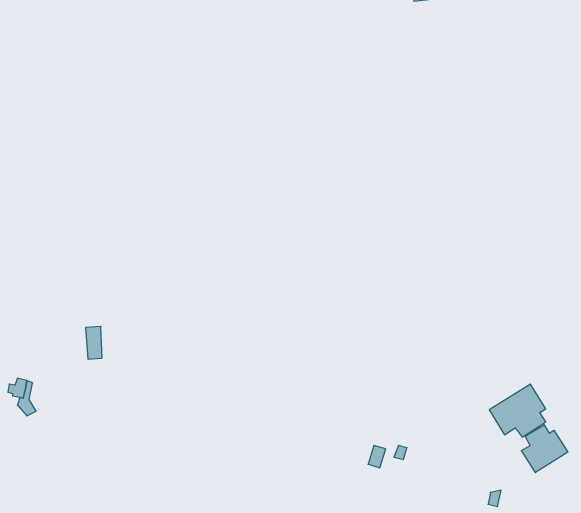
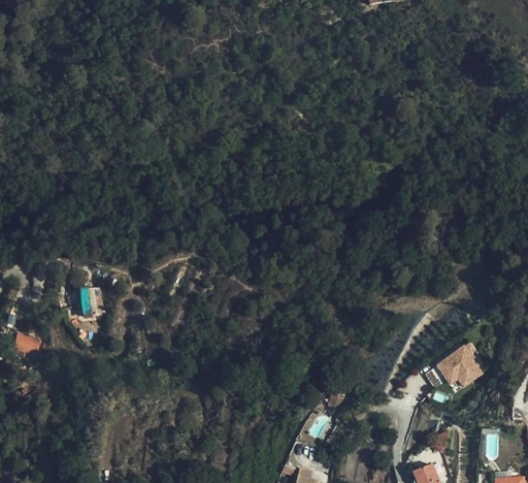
building: [521,425,568,473] -> none

